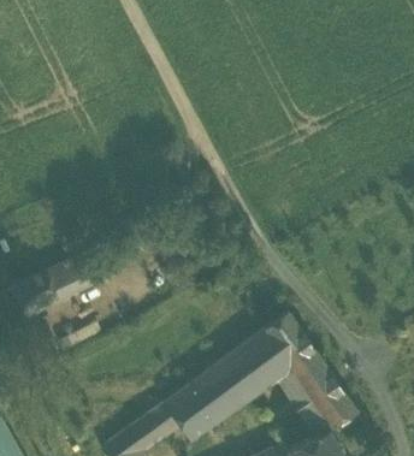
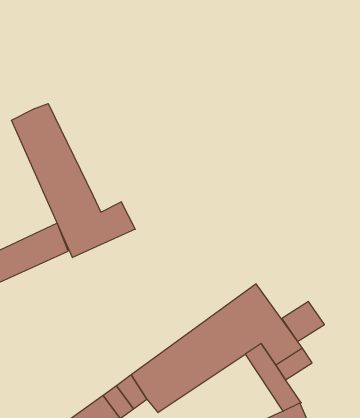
building: none -> [11,104,135,258]
building: [313,392,355,432] -> [282,302,324,342]

